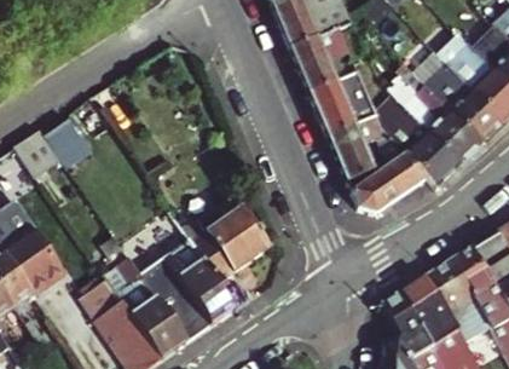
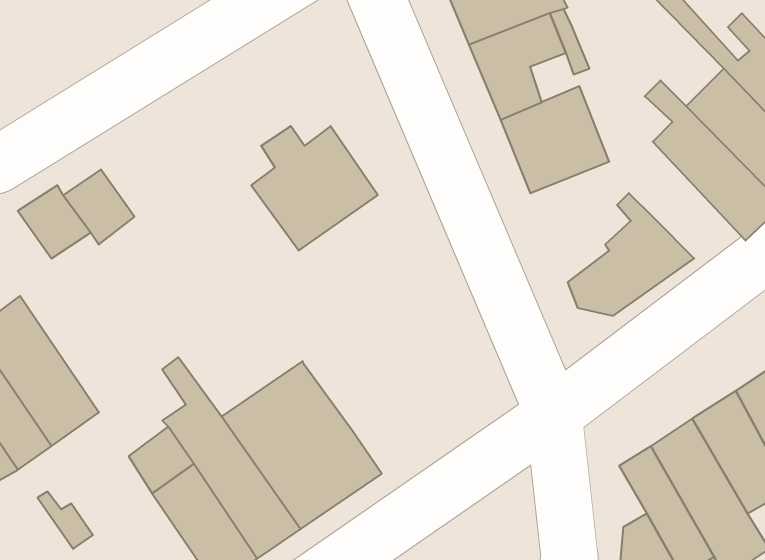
building: [392,105,459,186] -> none
building: [328,117,383,180] -> none
building: [190,206,267,282] -> [251,126,378,251]

